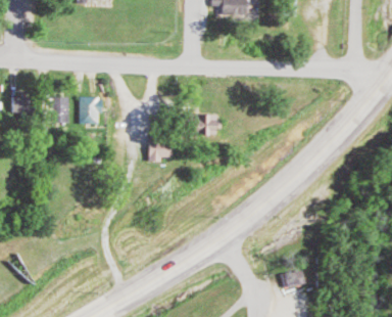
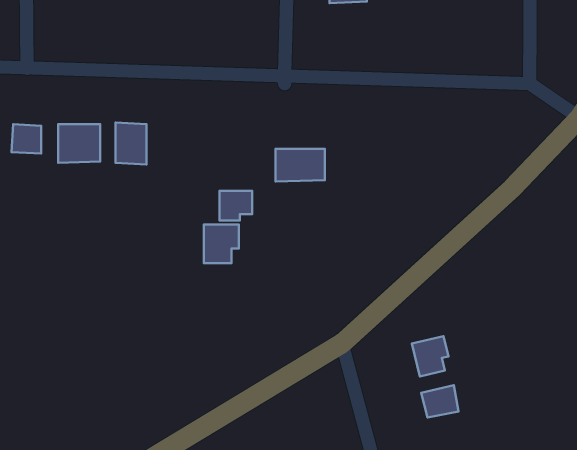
building: none -> [204,225,239,263]
building: none -> [412,336,448,376]

